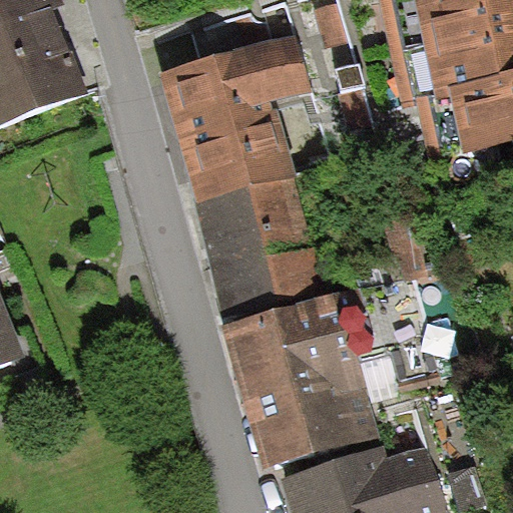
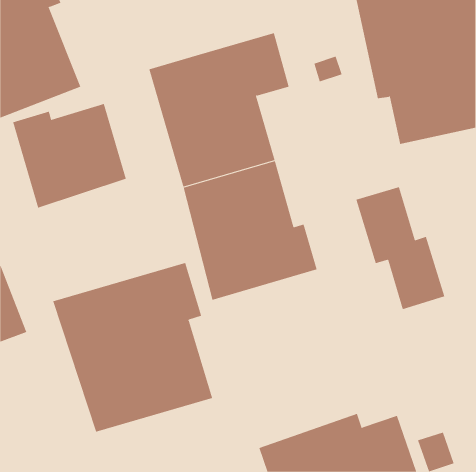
building: none -> [13,103,126,208]
building: none -> [52,262,213,433]
building: [220,290,383,470] -> none

